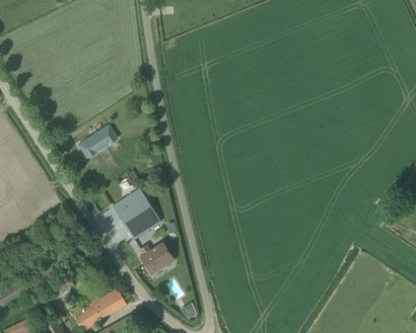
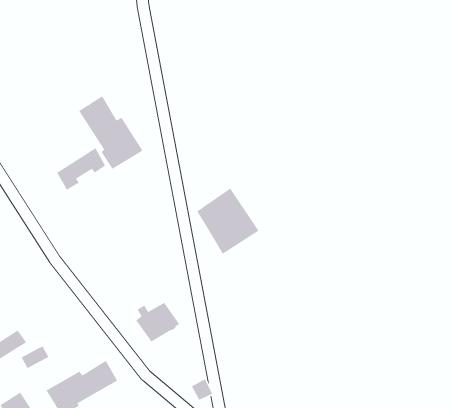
building: none -> [78,95,143,170]
building: [113,187,161,239] -> [196,187,260,255]

